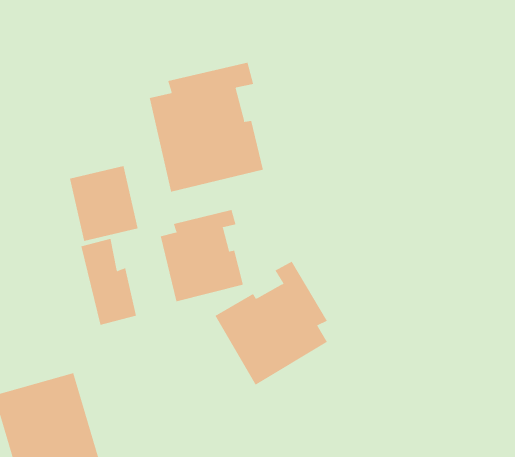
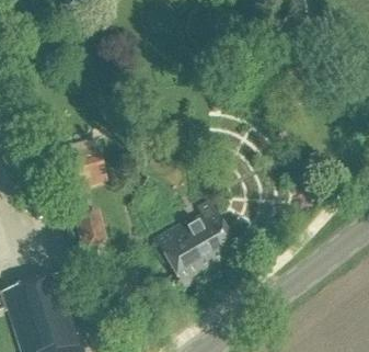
building: [149,62,264,193] -> none
building: [160,209,244,302] -> none

